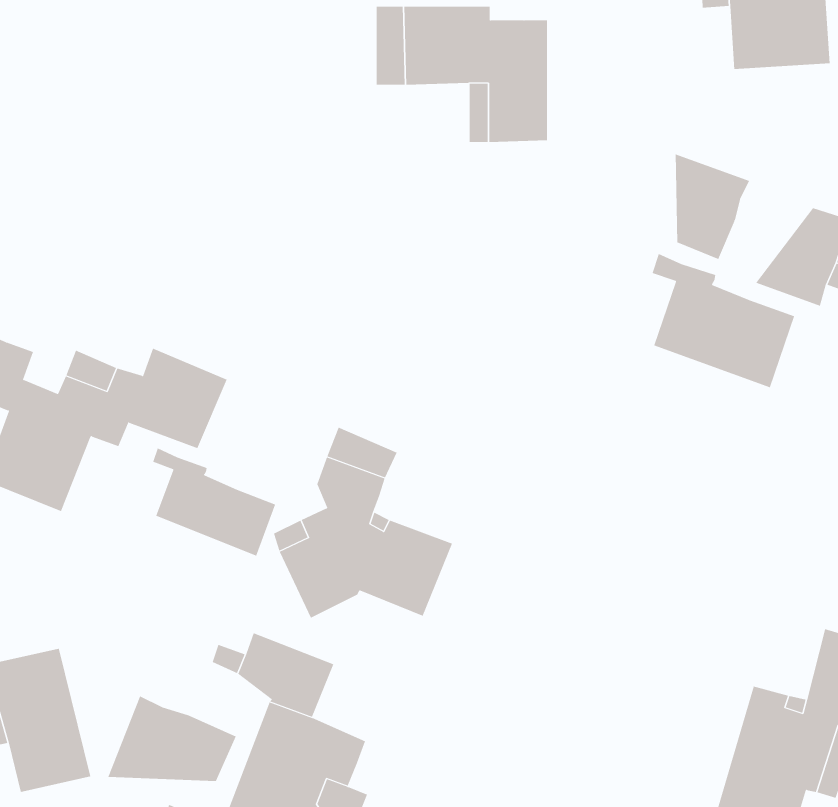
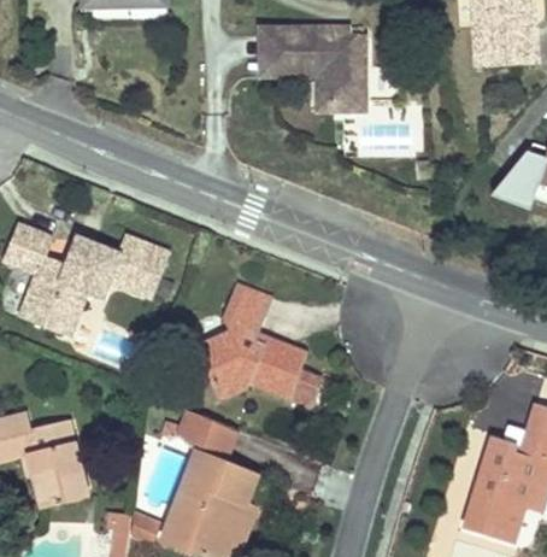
building: [675,153,750,260] -> none
building: [652,253,795,388] -> none
building: [153,447,276,557] -> none
building: [107,695,236,782] -> none

